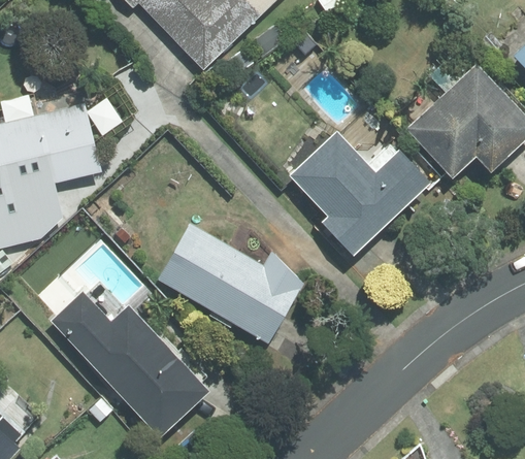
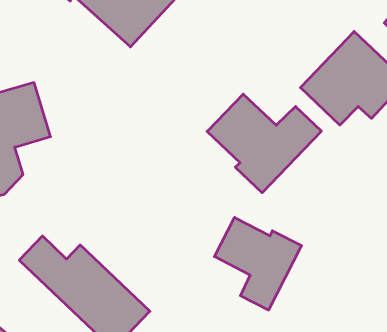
building: [159,225,302,342] -> none
building: none -> [214,217,302,310]

